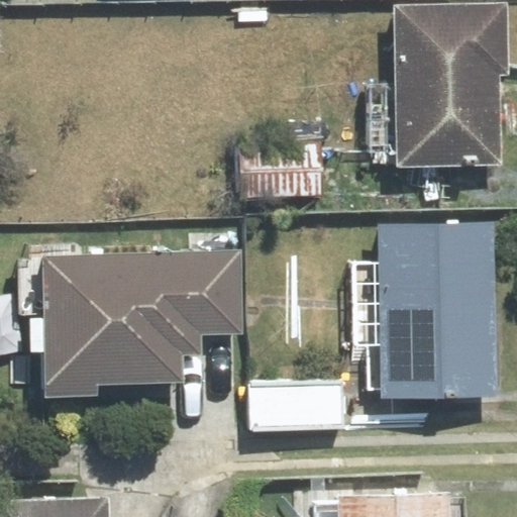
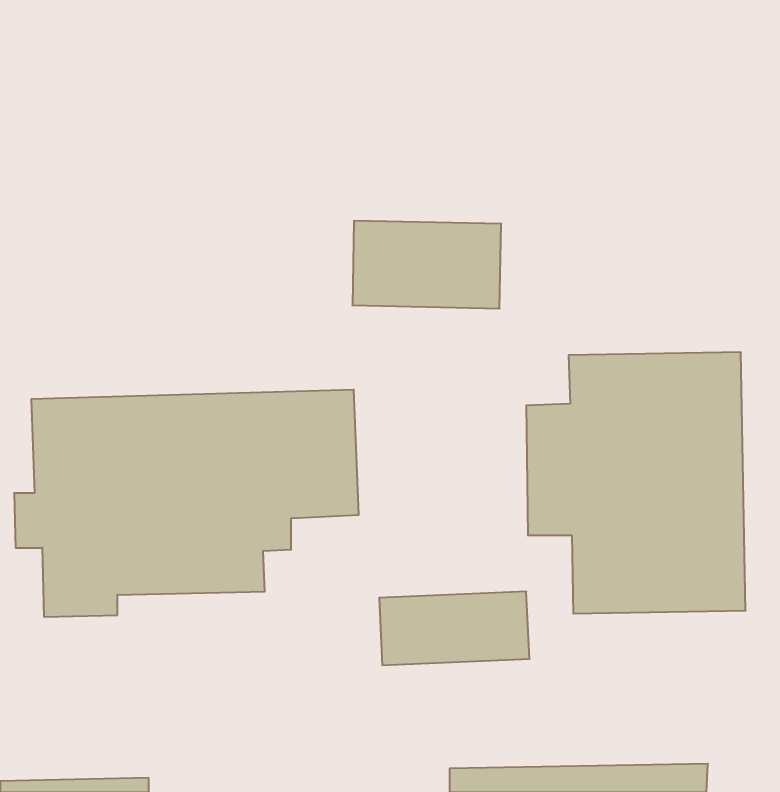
building: [394,5,508,167] -> none

